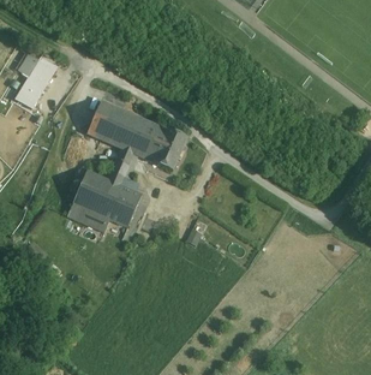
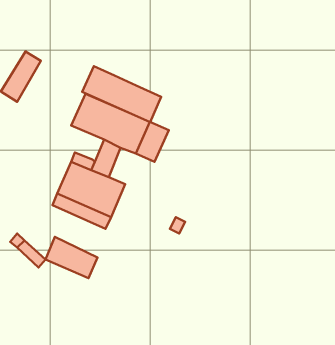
building: none -> [82,66,161,122]
building: none -> [45,237,97,278]

